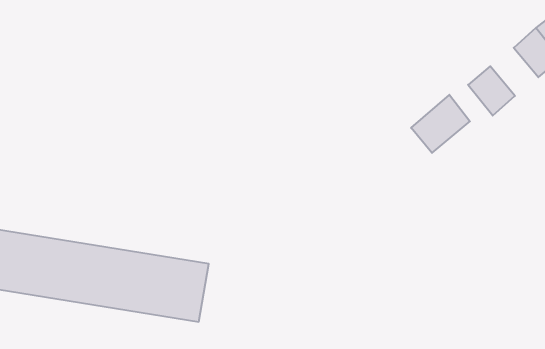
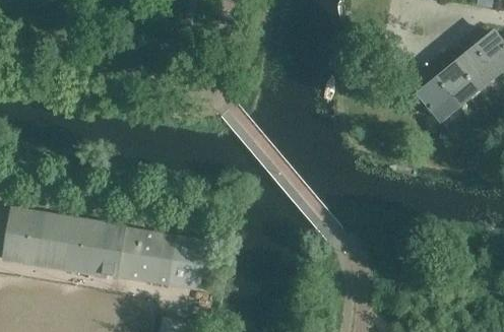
building: none -> [436,63,476,103]
building: [411,95,470,153] -> none

